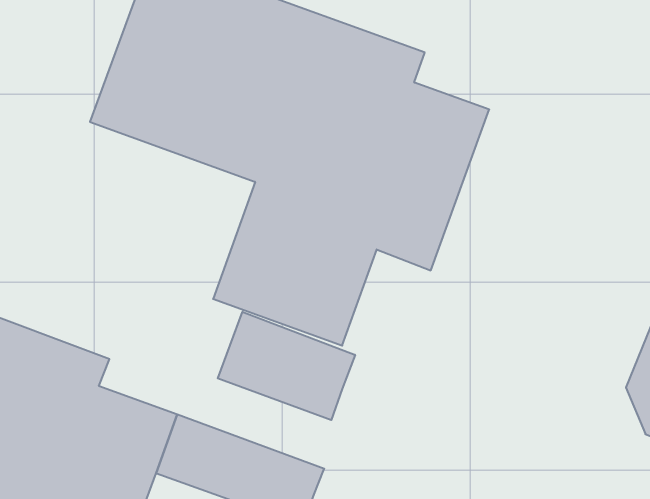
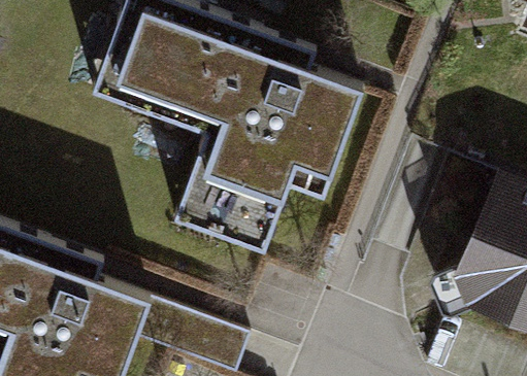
building: [218,312,355,420] -> none

